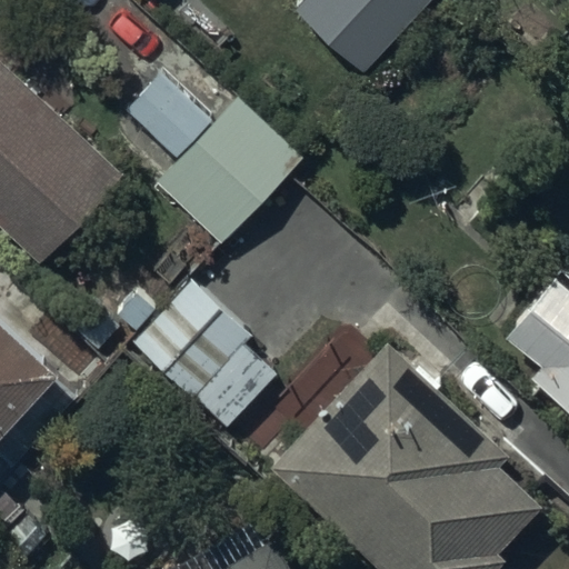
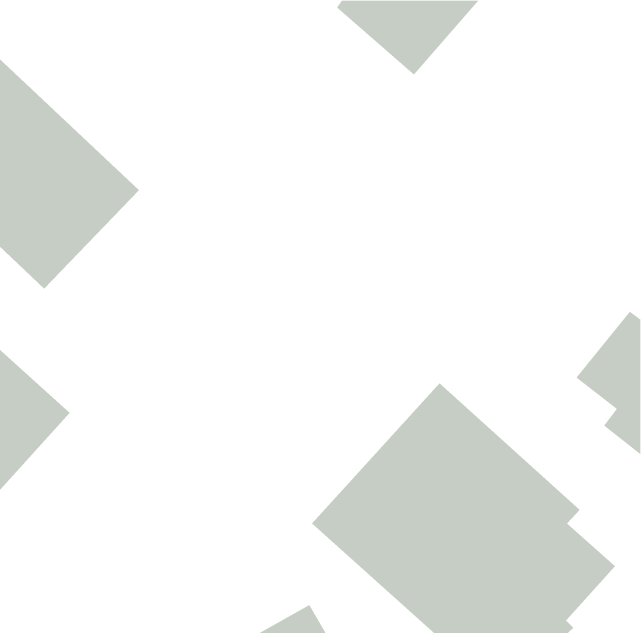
building: [124,66,300,237] -> none
building: [133,282,277,432] -> none

